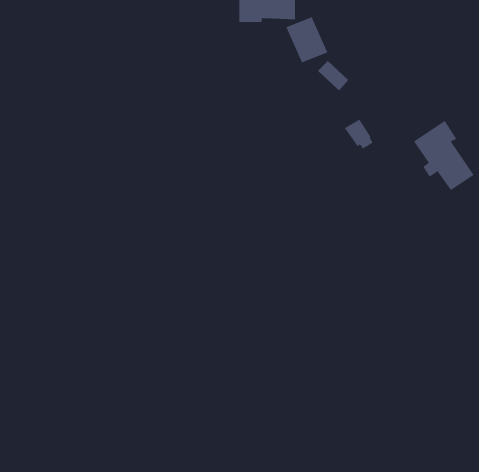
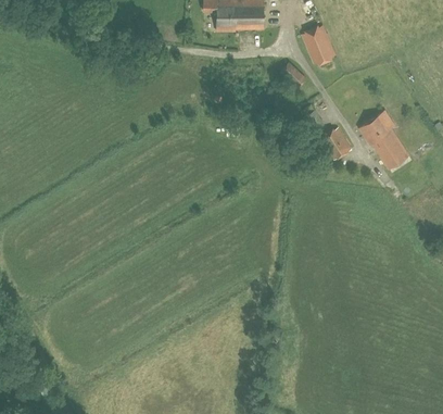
building: [286,17,328,63] -> [301,26,336,64]
building: none -> [320,128,351,161]

